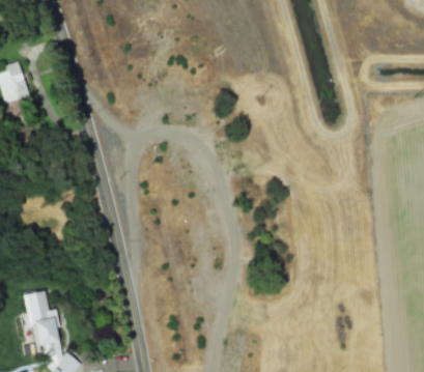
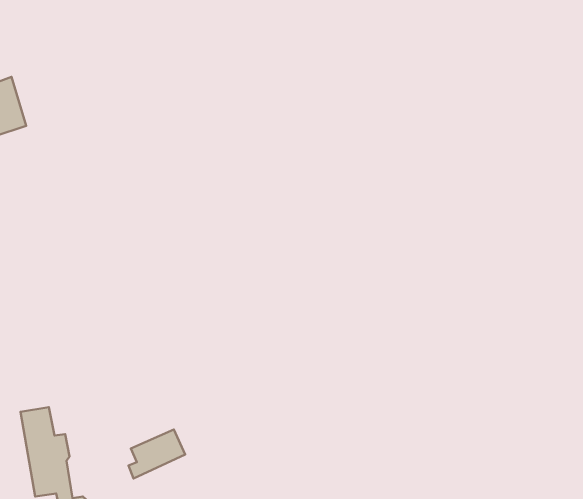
building: none -> [128,430,185,479]

